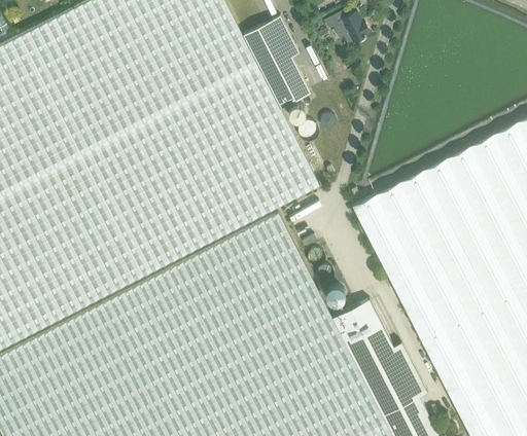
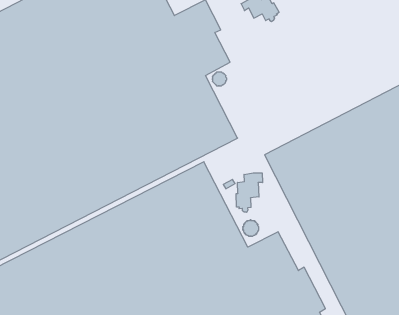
building: none -> [236,173,263,212]

